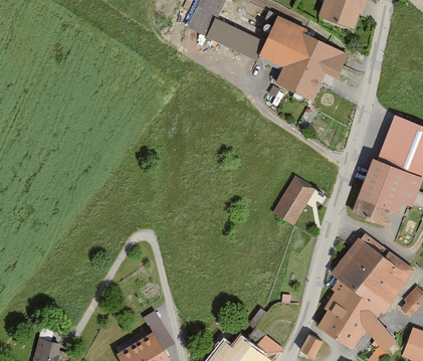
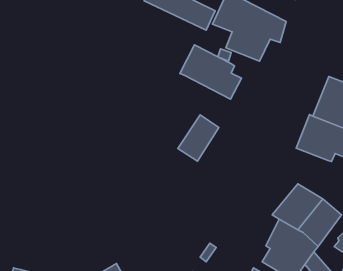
building: none -> [180,45,241,99]
building: [270,174,316,226] -> [178,115,219,161]
building: [351,197,393,226] -> none

